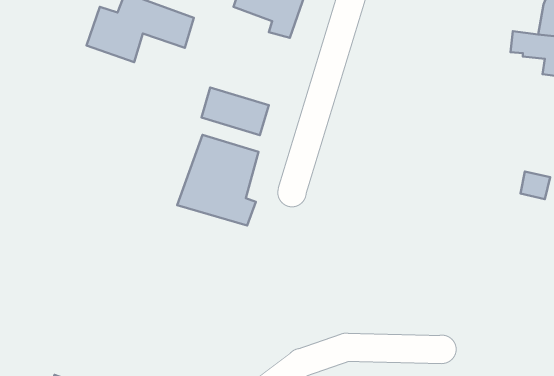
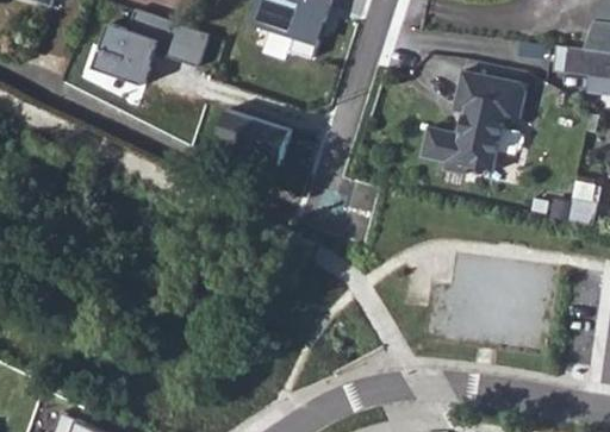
building: none -> [418,71,523,175]
building: [177,135,259,225] -> none

